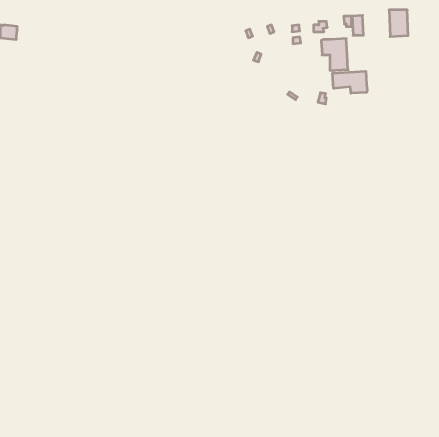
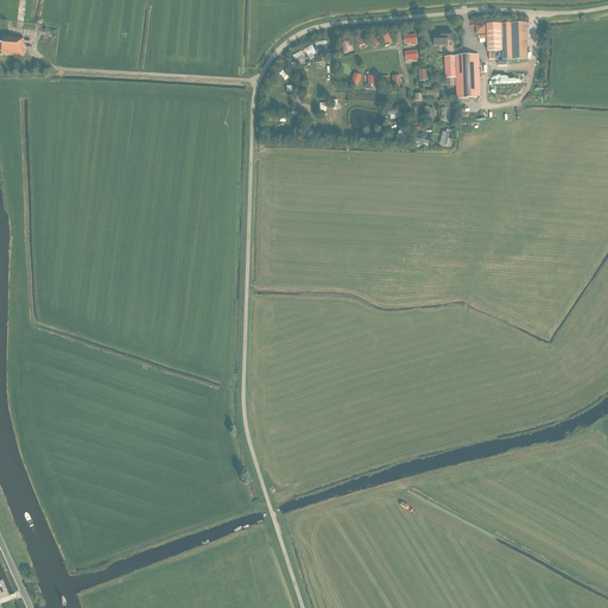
building: [389,10,408,37] -> [501,23,527,59]
building: [333,71,367,93] -> none

